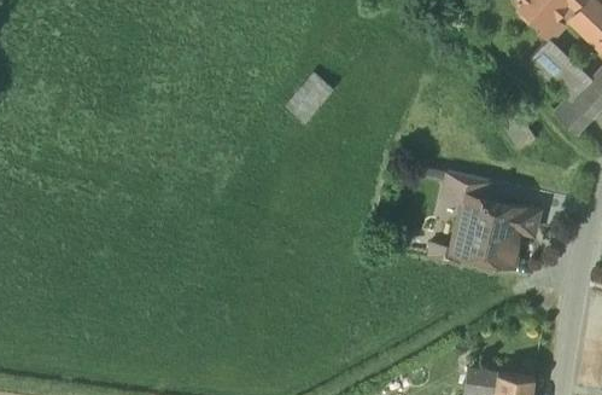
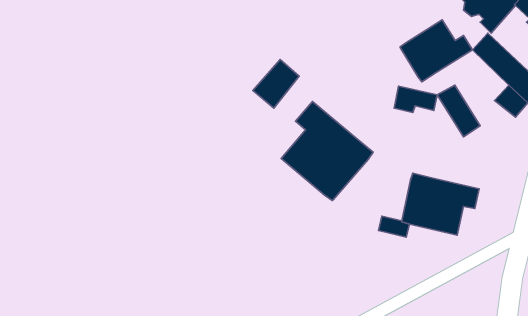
building: none -> [400,20,472,82]
building: none -> [281,101,373,201]
building: [443,175,490,204] -> [394,86,437,113]

